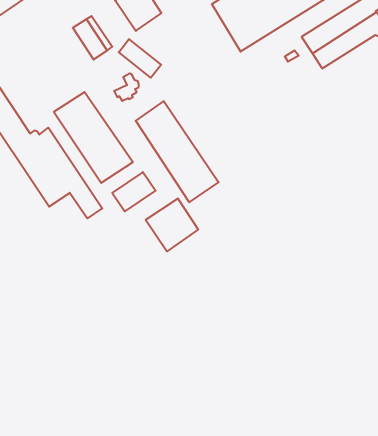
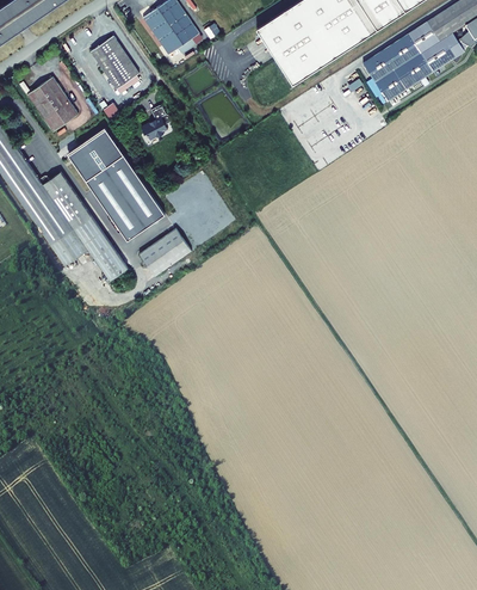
building: [119,39,161,78] -> none
building: none -> [27,78,79,133]
building: [136,101,219,202] -> none
building: [146,198,198,251] -> none

